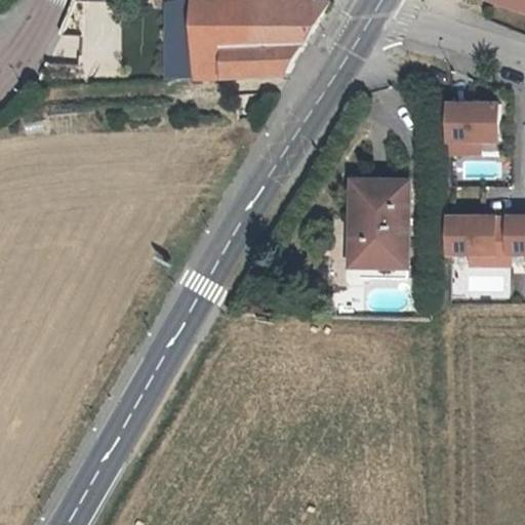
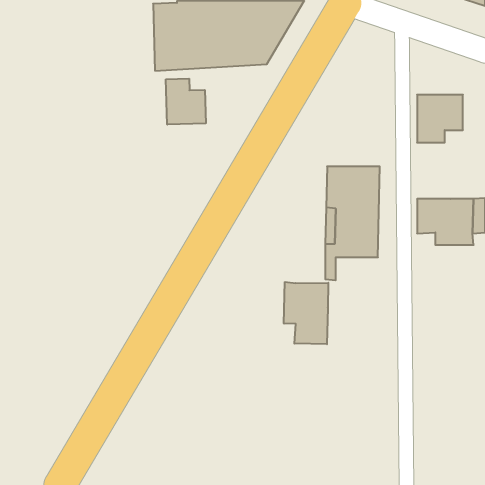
building: none -> [166,79,206,125]
building: none -> [284,282,328,344]

